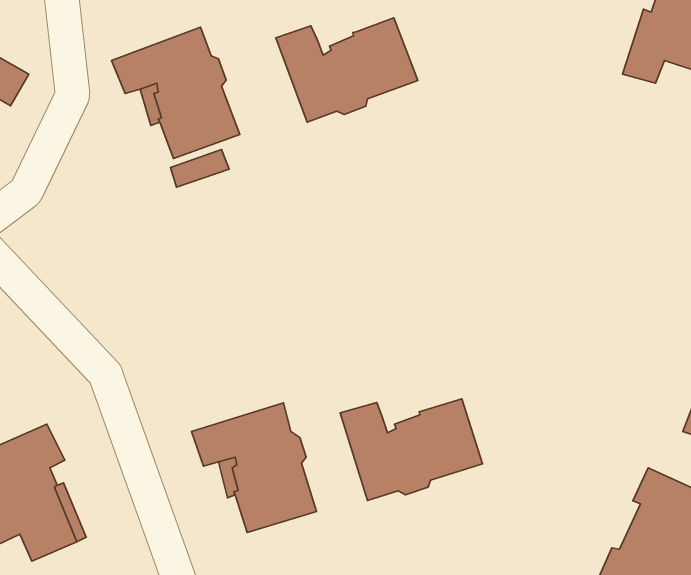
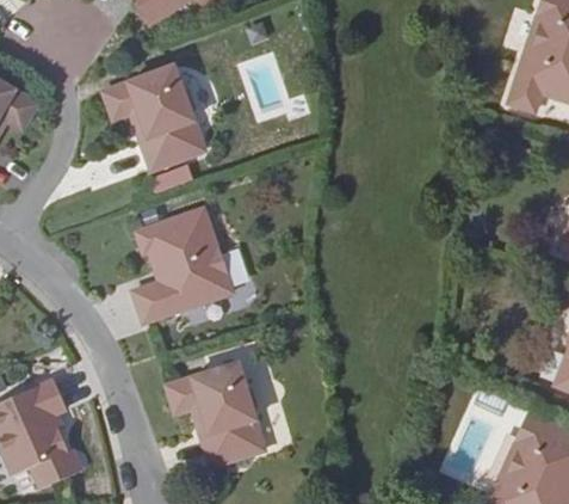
building: [276,18,418,122] -> none
building: none -> [132,208,231,321]
building: [340,399,483,501] -> none

